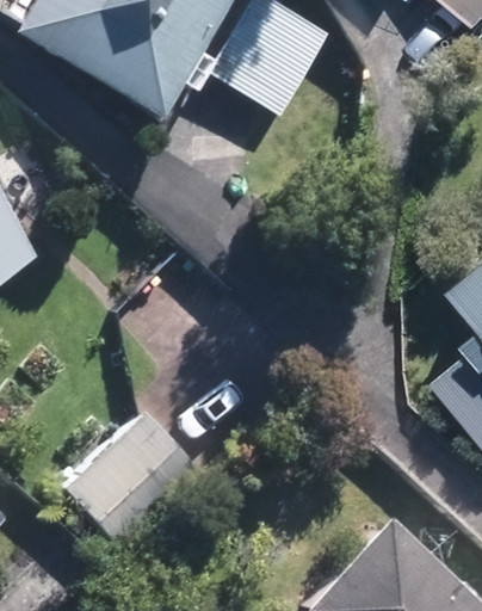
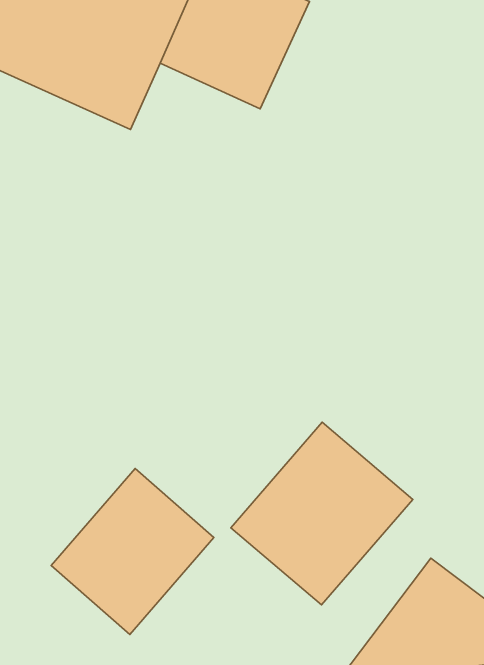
building: none -> [231,422,413,605]

